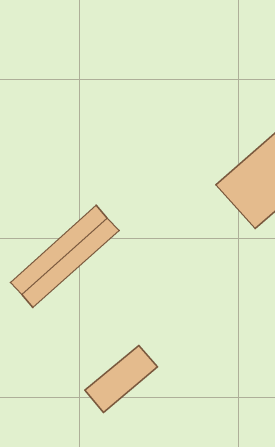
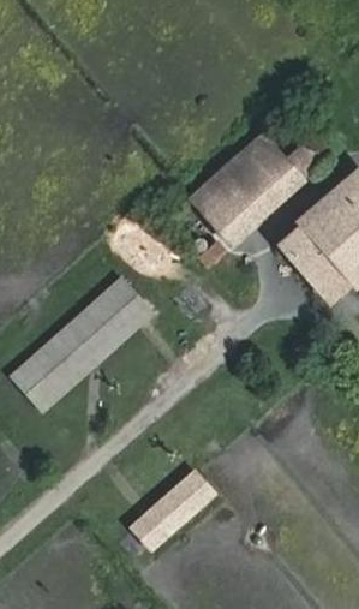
building: none -> [190,132,327,241]

